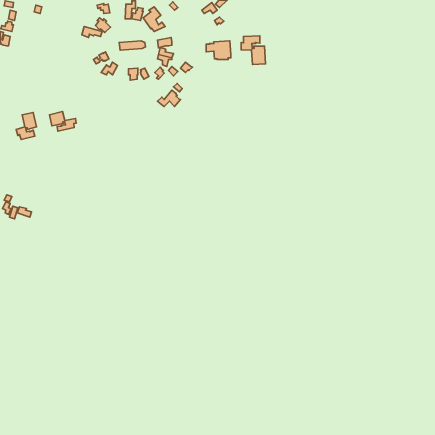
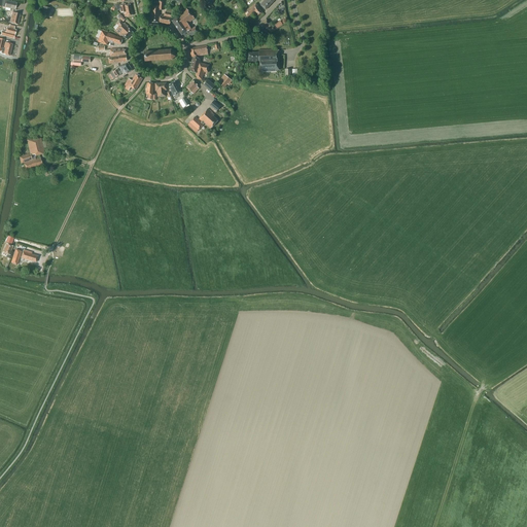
building: [241,36,266,65] -> none
building: [49,112,76,131] -> none

